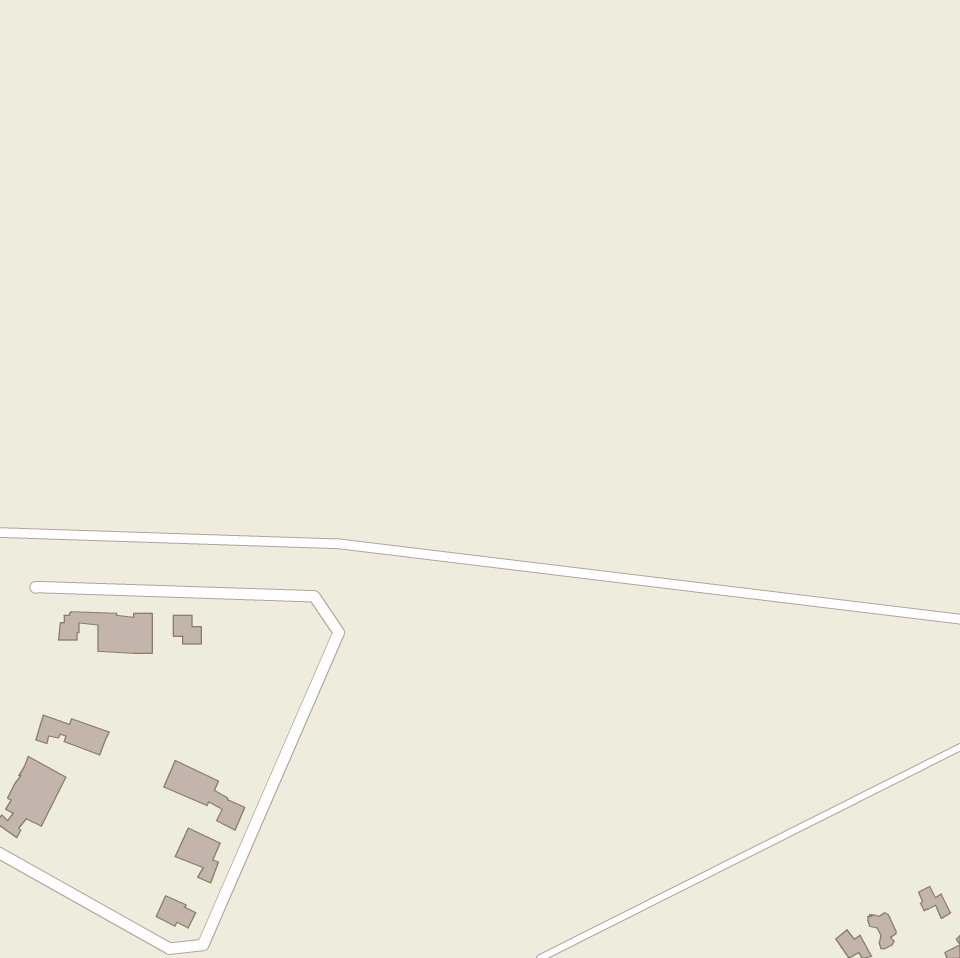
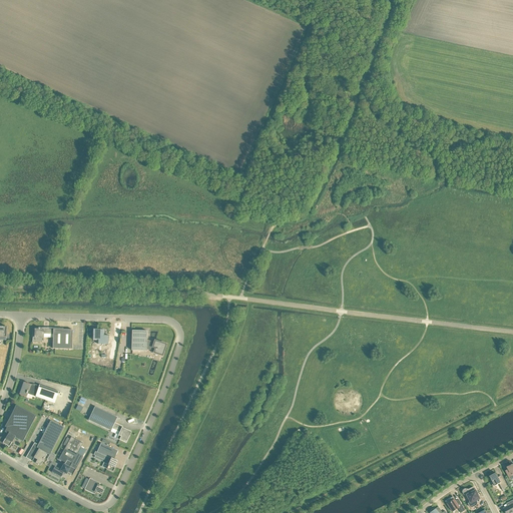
building: none -> [130,329,164,354]
building: none -> [25,419,63,463]
building: none -> [50,435,82,476]

